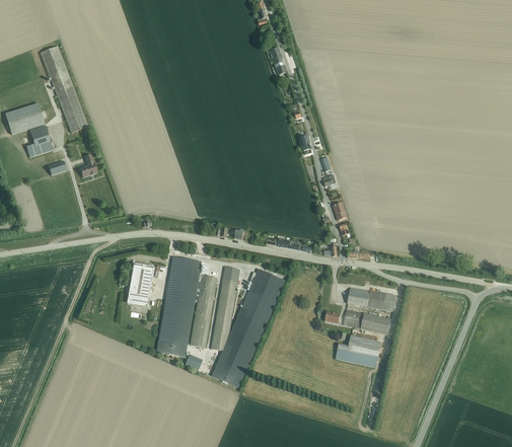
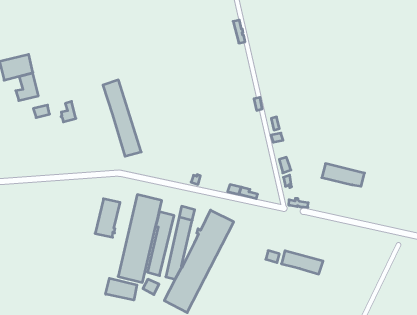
building: [40,45,88,132] -> [103,80,141,156]
building: [347,287,395,310] -> [322,164,365,186]
building: [335,334,380,366] -> none
building: none -> [106,278,137,300]

